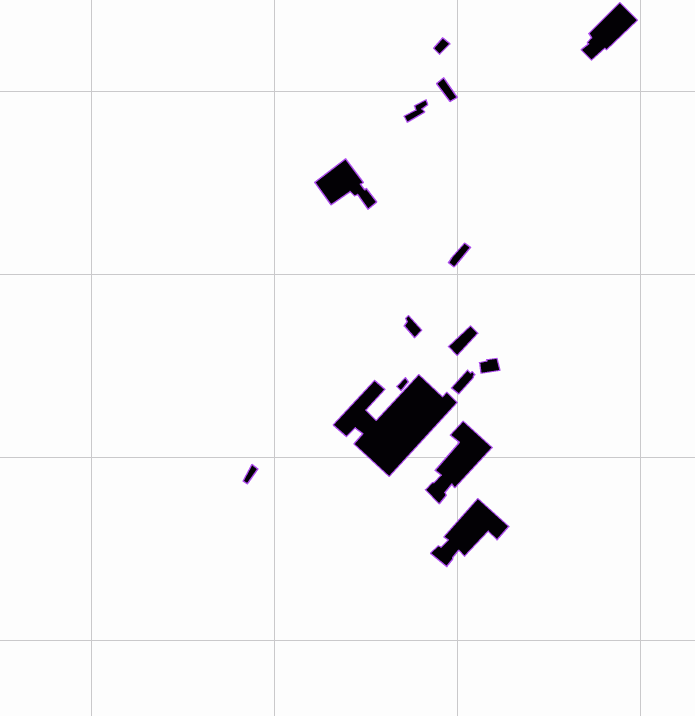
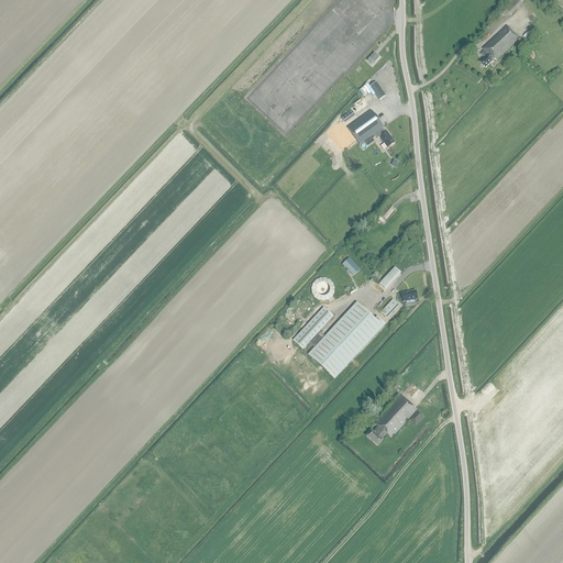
building: [315,159,377,209] -> [347,108,394,145]
building: [425,421,492,504] -> none

